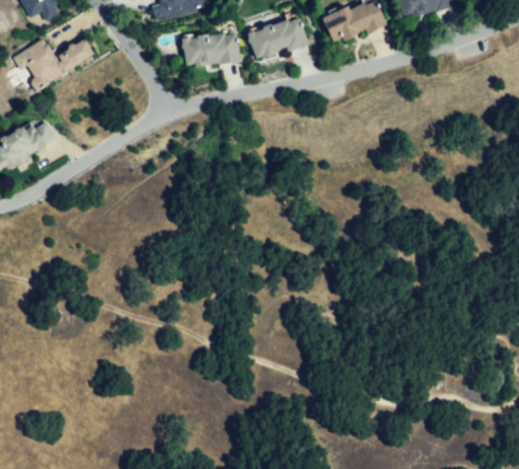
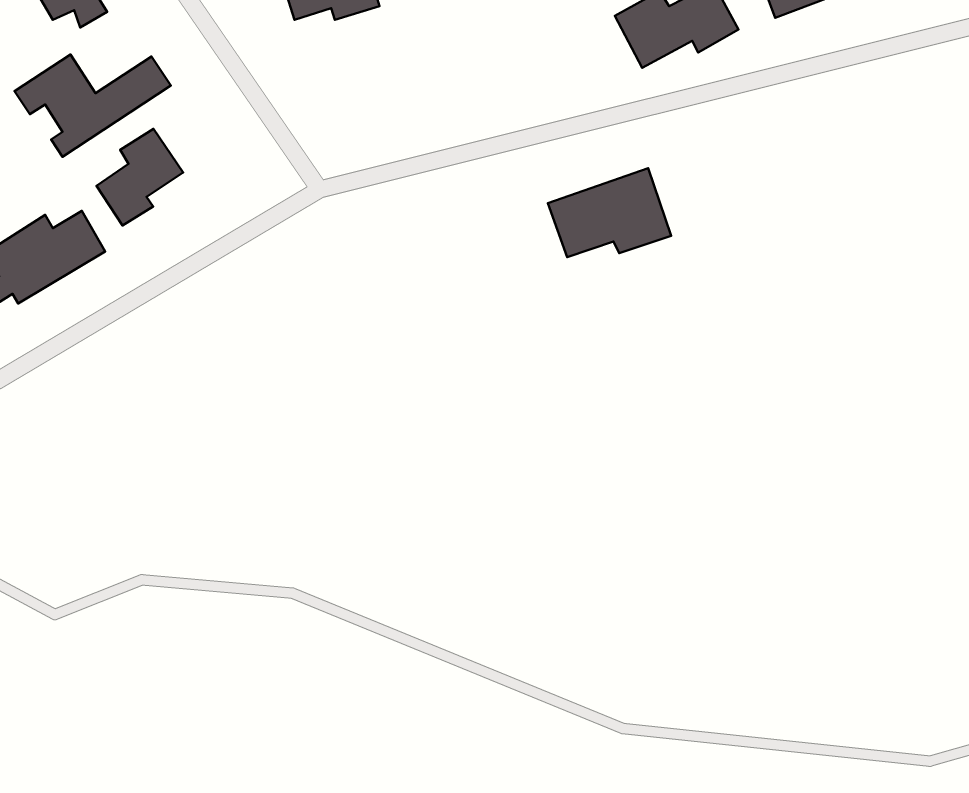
building: [247,14,312,61] -> [548,168,671,257]
building: [183,30,242,67] -> none
building: none -> [97,129,183,225]

